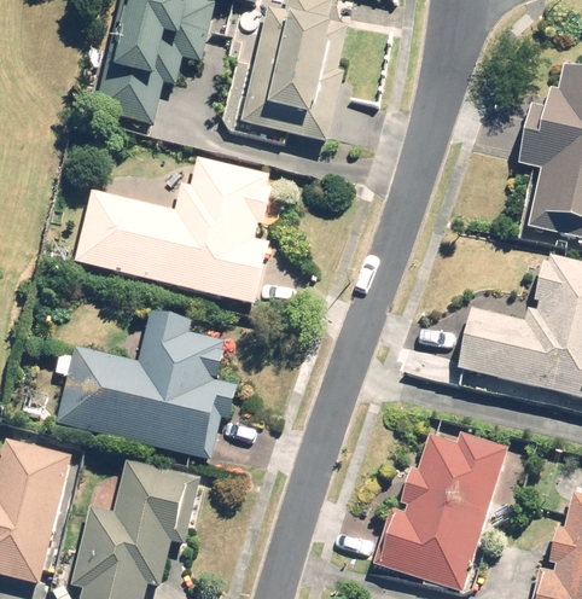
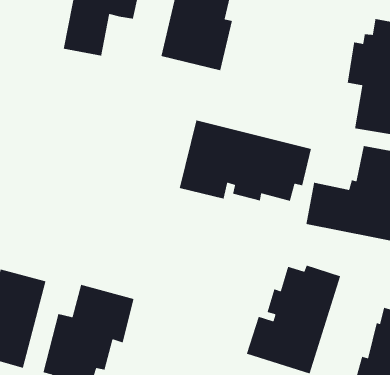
building: [76,159,279,307] -> none
building: none -> [179,120,312,202]
building: [52,307,243,458] -> none

